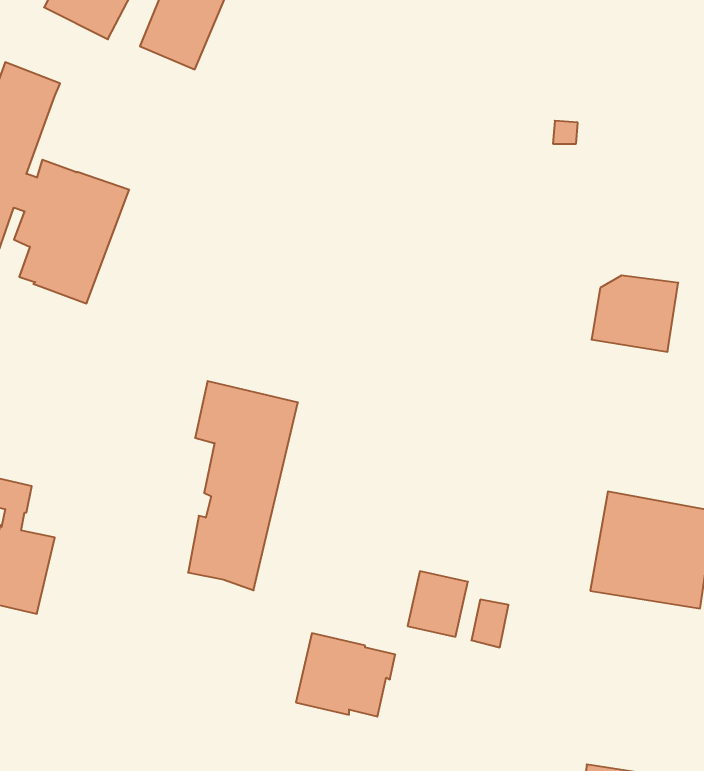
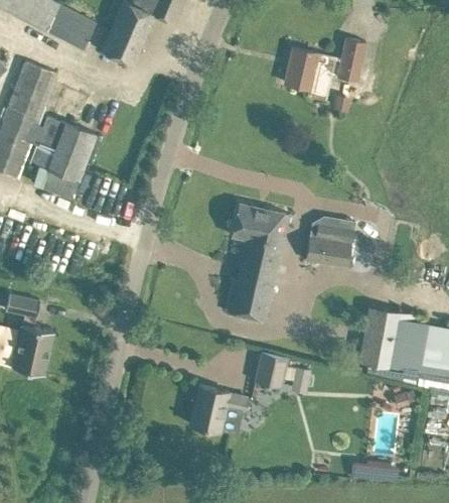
building: none -> [337,38,366,83]
building: none -> [285,48,329,90]
building: [591,276,678,352] -> [305,225,354,268]
building: [188,381,298,590] -> [228,204,290,323]

